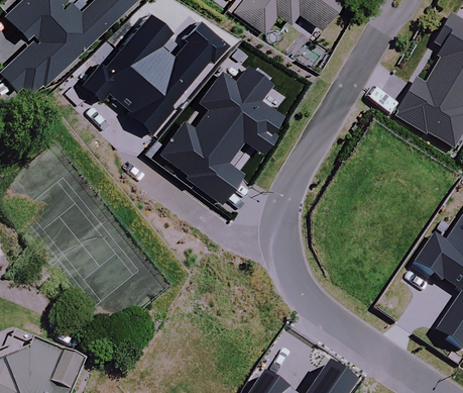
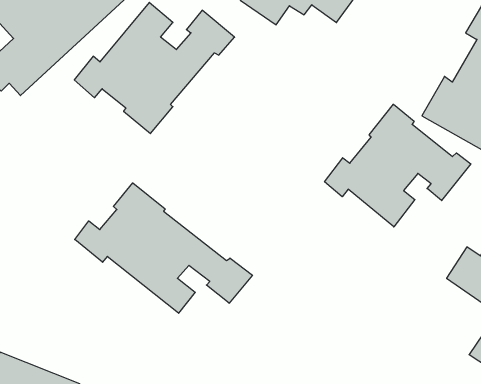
building: [159,64,281,201] -> none
building: none -> [325,104,471,227]
building: none -> [75,183,252,313]

